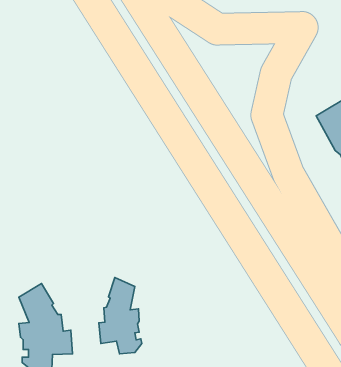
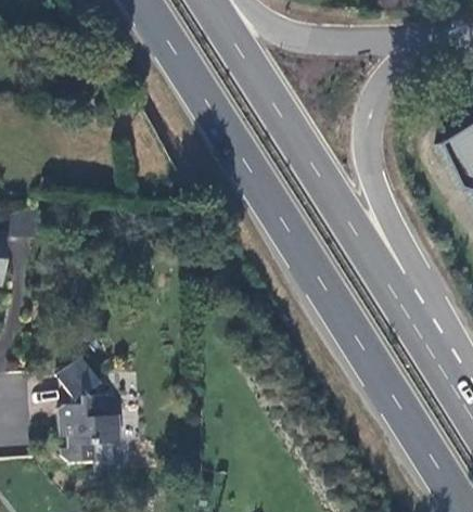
building: [99,278,142,354] -> none

